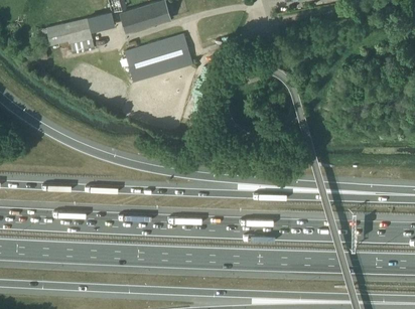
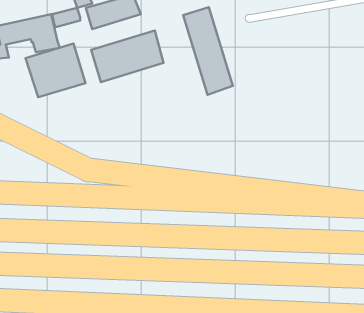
building: none -> [183,7,233,95]
building: none -> [25,44,86,97]

